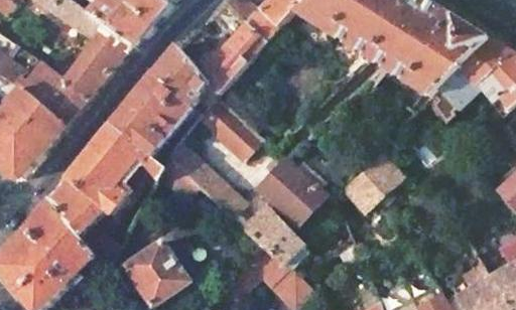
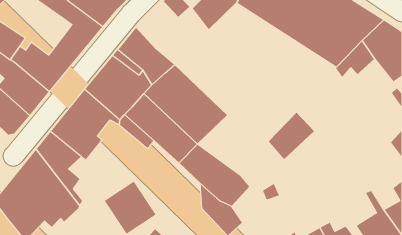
building: [197,21,263,92] -> none
building: [249,155,338,231] -> none

